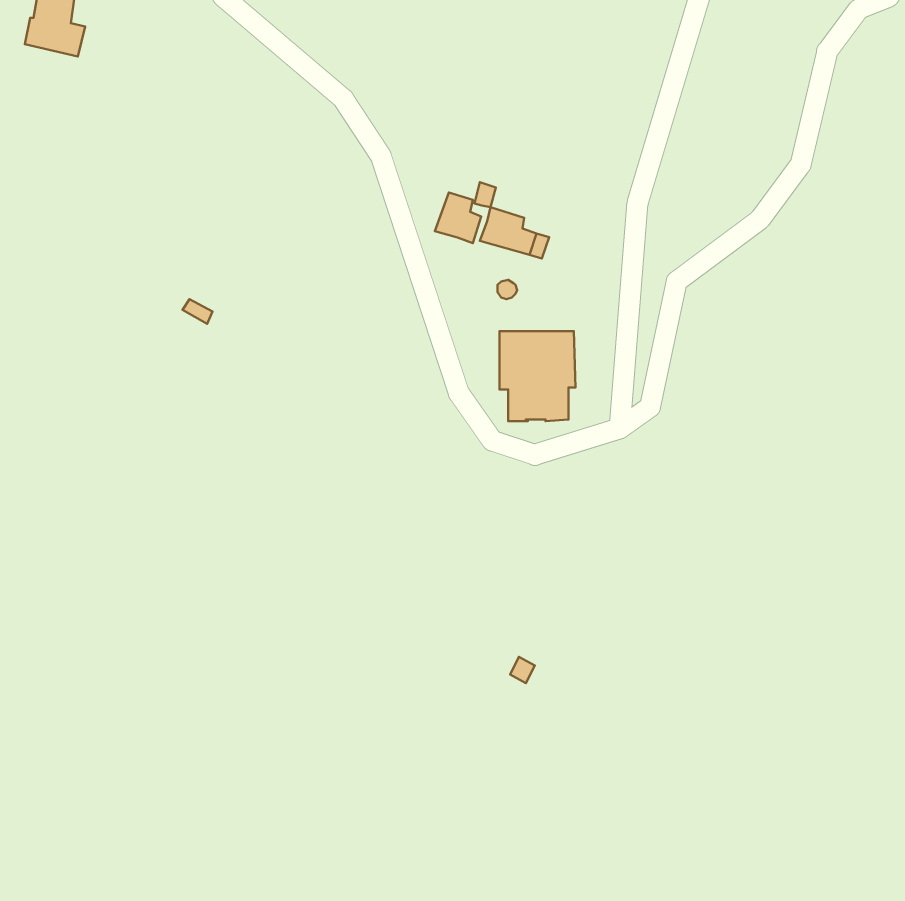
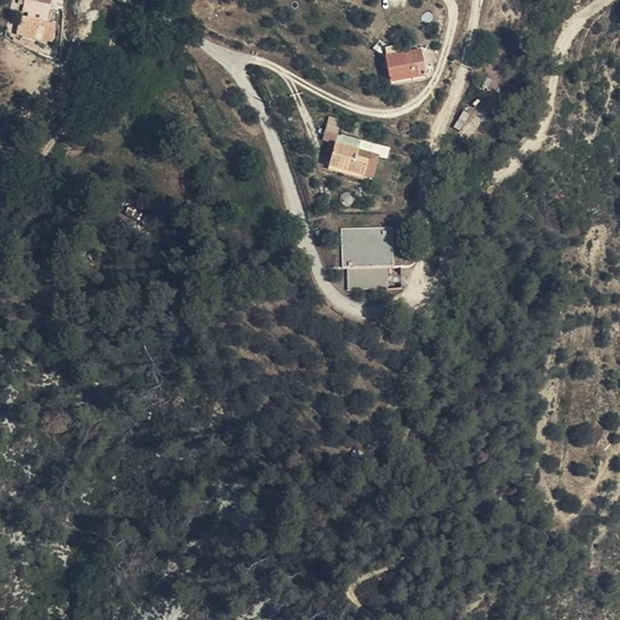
building: none -> [386,48,431,80]
building: [435,193,481,243] -> none

